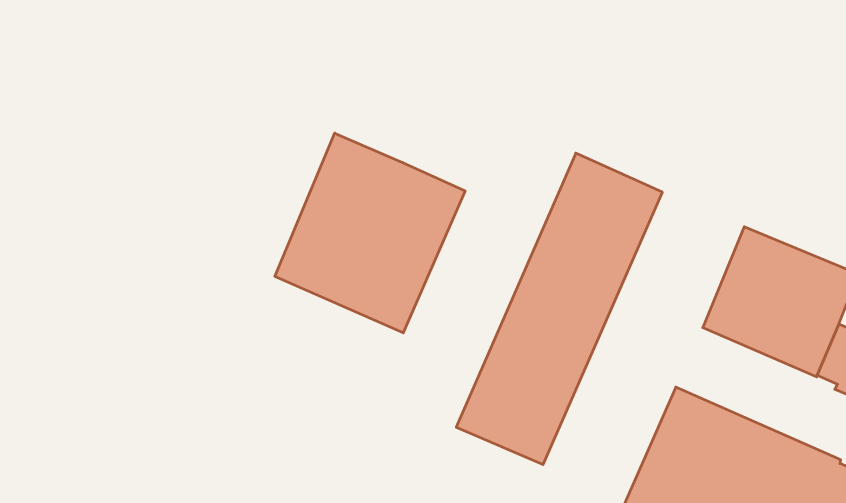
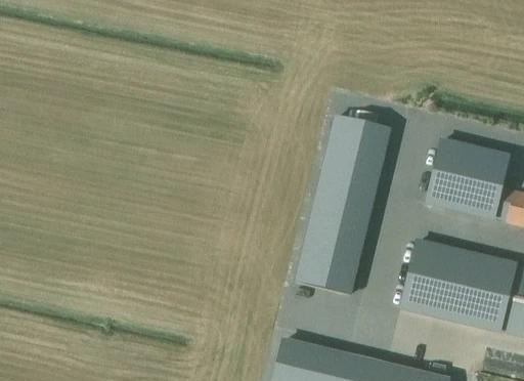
building: [275,133,465,333] -> none

